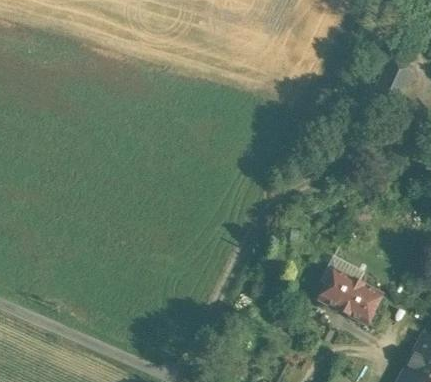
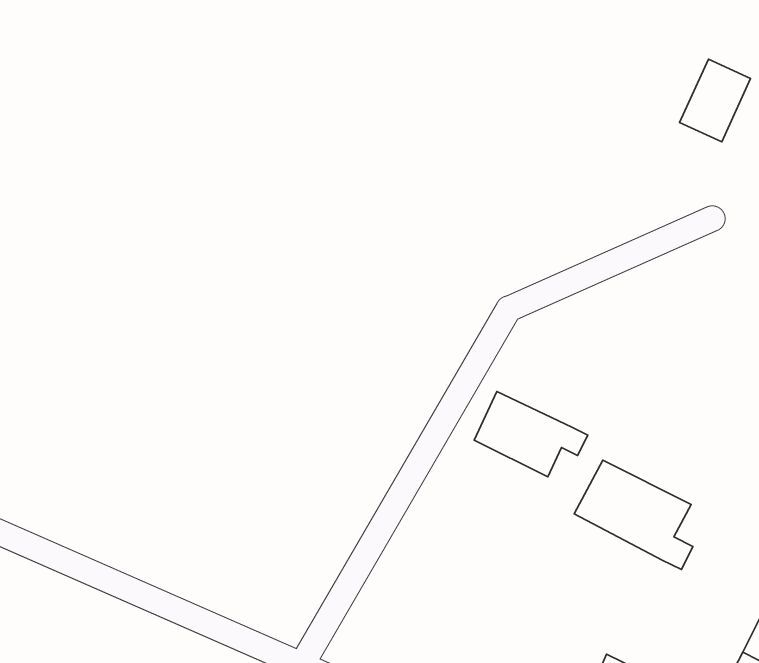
building: none -> [474,391,588,477]

